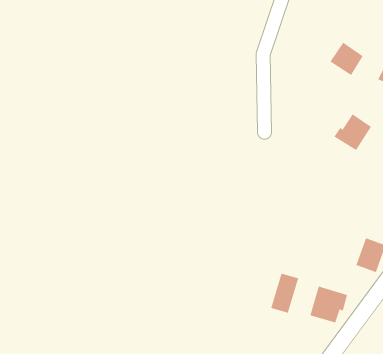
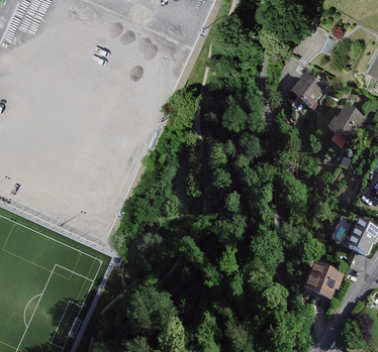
building: [330,42,364,76] -> [291,75,322,106]
building: [271,273,299,313] -> none

